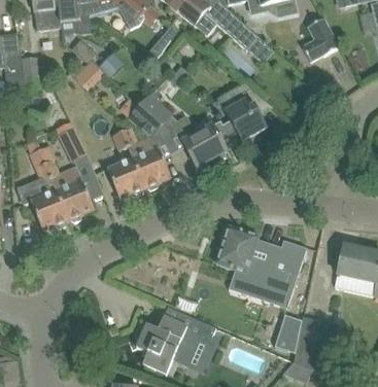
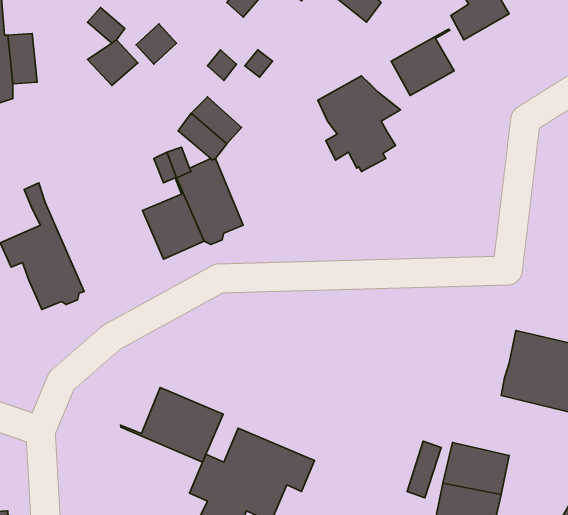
building: none -> [391,29,454,96]
building: [171,114,229,166] -> none
building: [40,120,96,221] -> none
building: [218,226,306,308] -> none
building: none -> [121,387,223,462]

